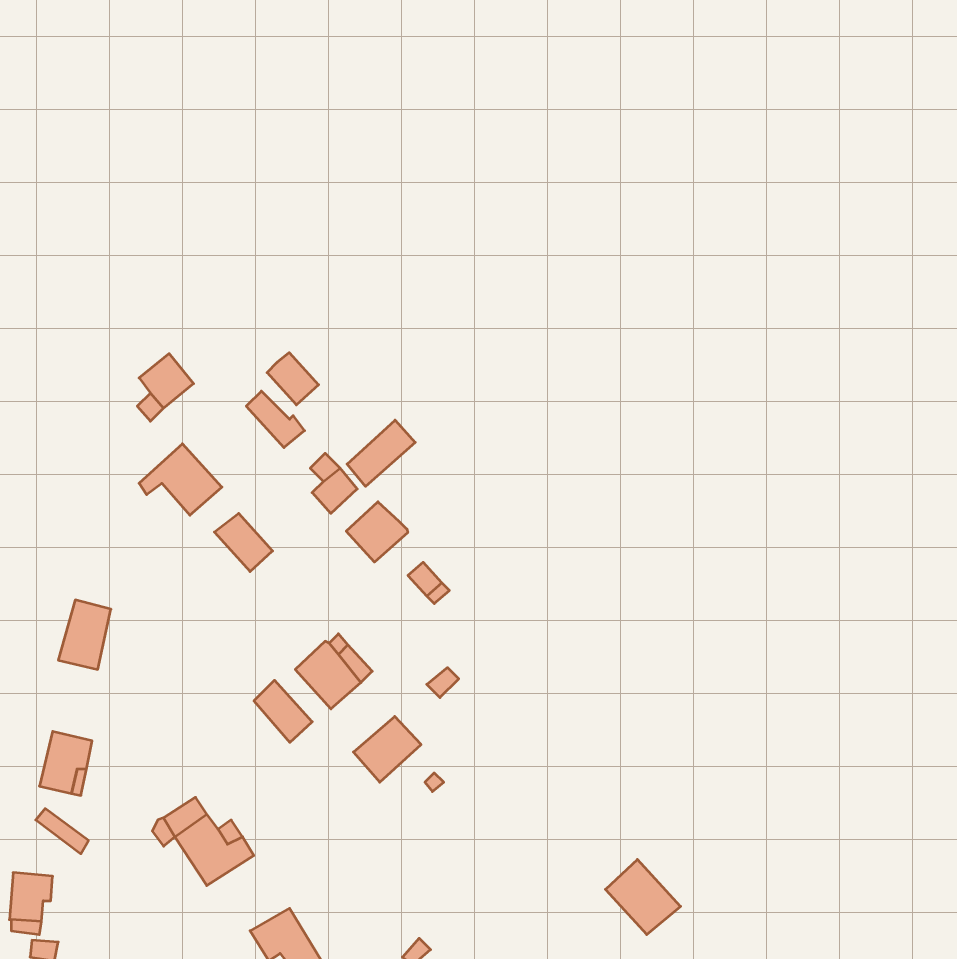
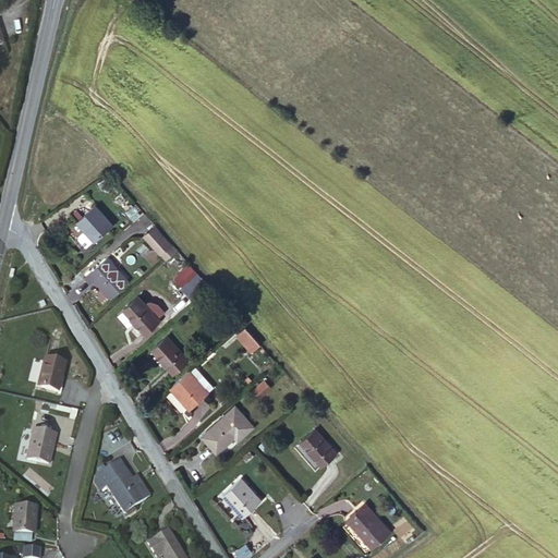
building: [267,353,319,405] -> none
building: [347,420,415,486] -> none
building: [346,502,408,562] -> none
building: [254,680,312,742] -> [155,337,189,373]
building: none -> [302,425,337,461]
building: none -> [227,473,266,512]

